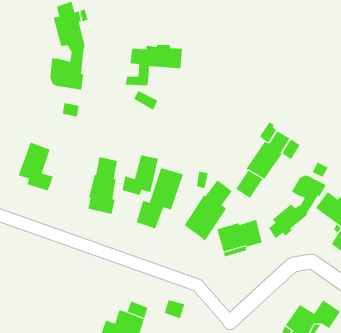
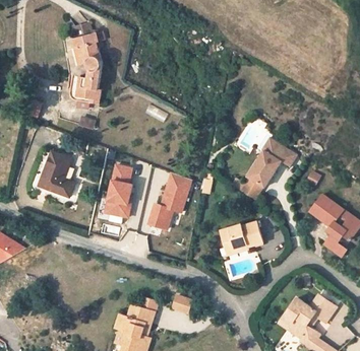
building: [125,44,182,86] -> none
building: [122,155,159,196] -> none
building: [268,175,326,239] -> none
building: [184,179,232,242] -> none

